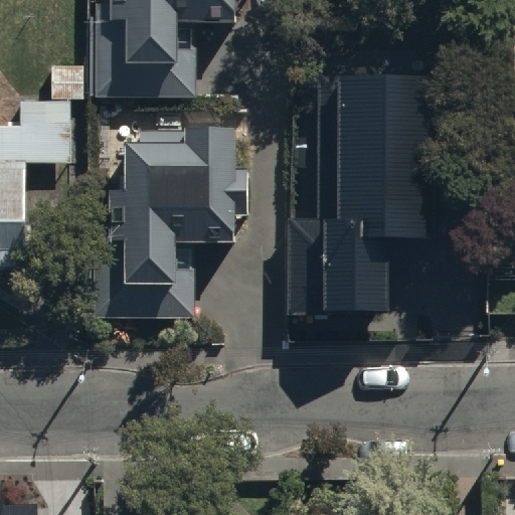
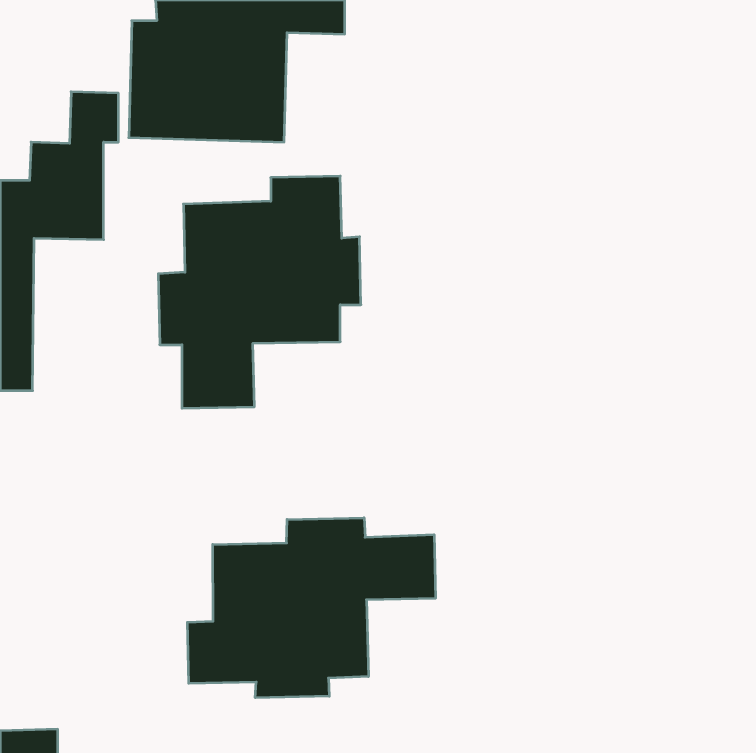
building: [322,111,437,272] -> none
building: none -> [187,518,435,698]

